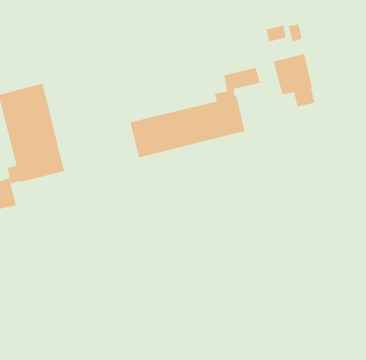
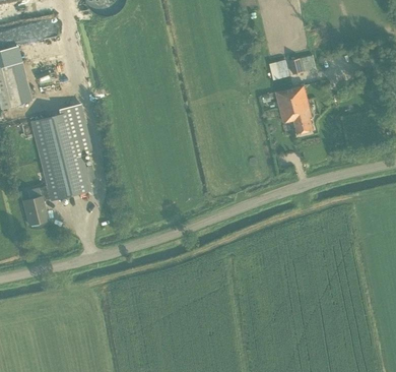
building: [130,67,260,158] -> none

